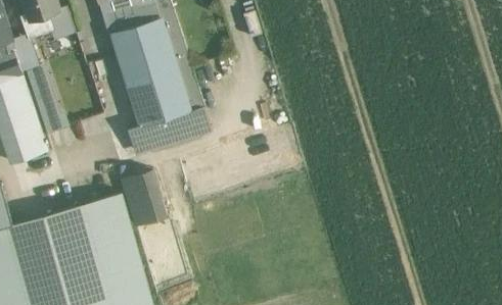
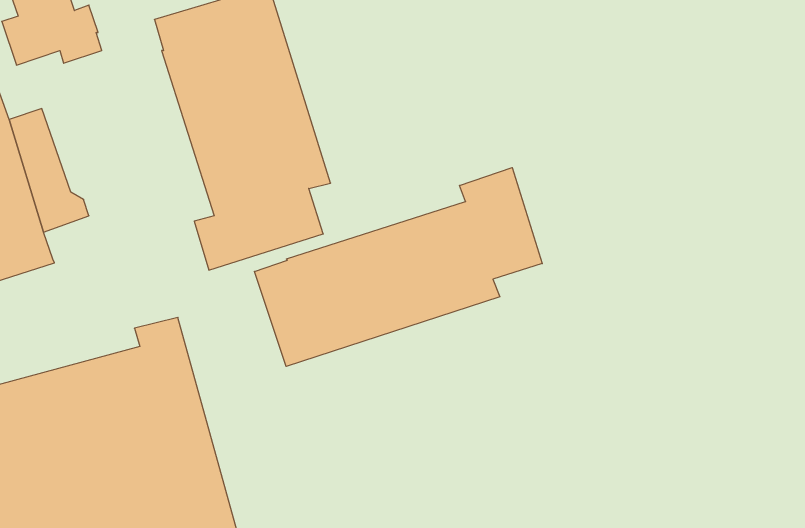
building: none -> [254,168,542,366]
building: [119,170,168,230] -> none

